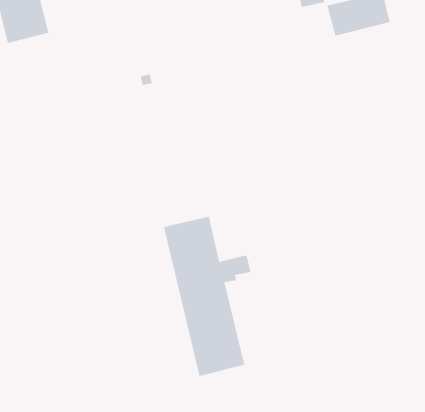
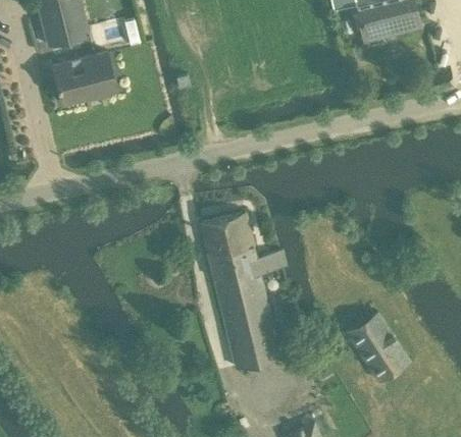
building: none -> [53,53,117,105]
building: none -> [347,314,409,382]

